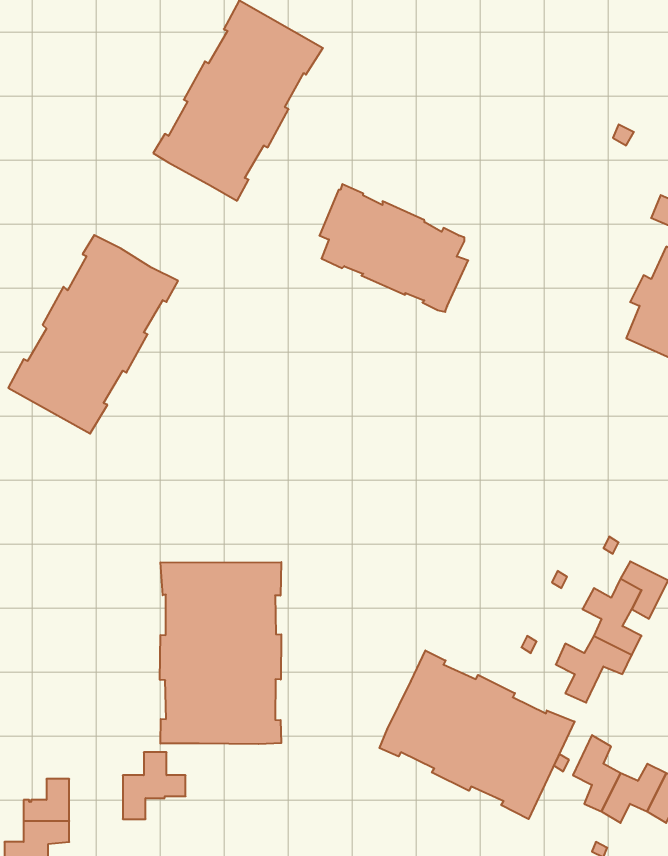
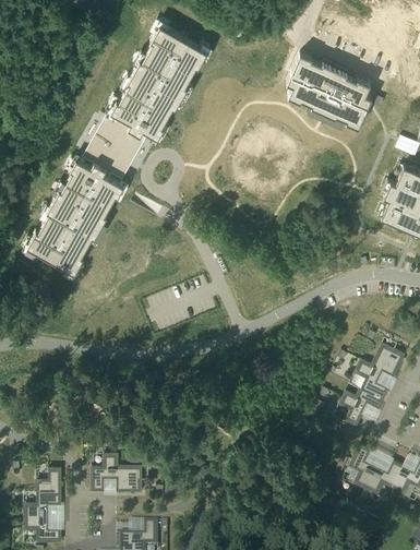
building: none -> [83,115,145,179]
building: [319,184,468,312] -> [287,53,372,127]
building: [160,562,281,744] -> none
building: [379,650,575,819] -> none
building: none -> [117,467,141,492]

